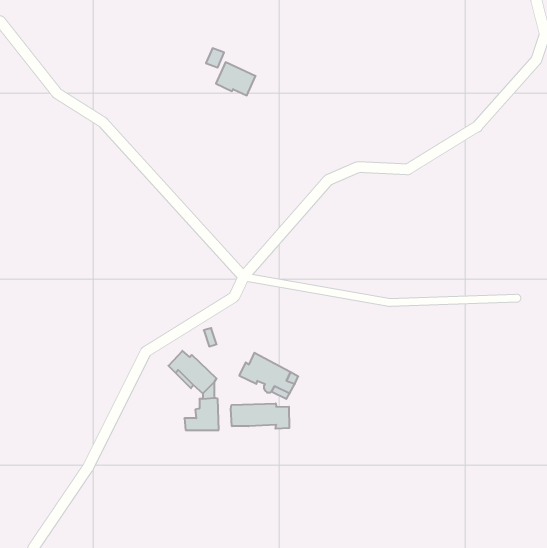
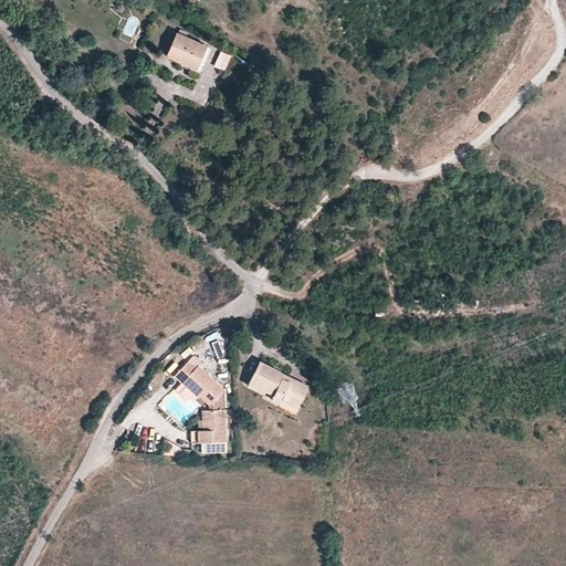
building: [216,62,256,95] -> [167,33,208,67]
building: [231,403,289,429] -> none

